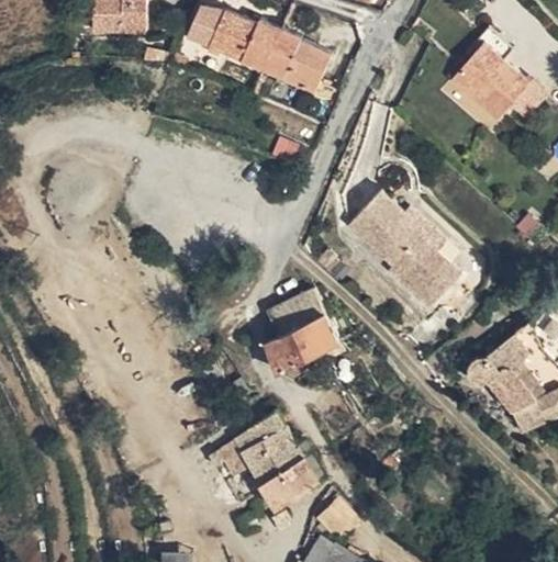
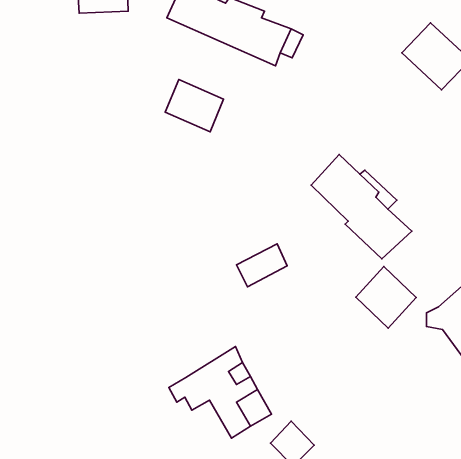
building: none -> [165,79,224,132]
building: [268,315,339,373] -> none
building: none -> [356,267,416,328]

